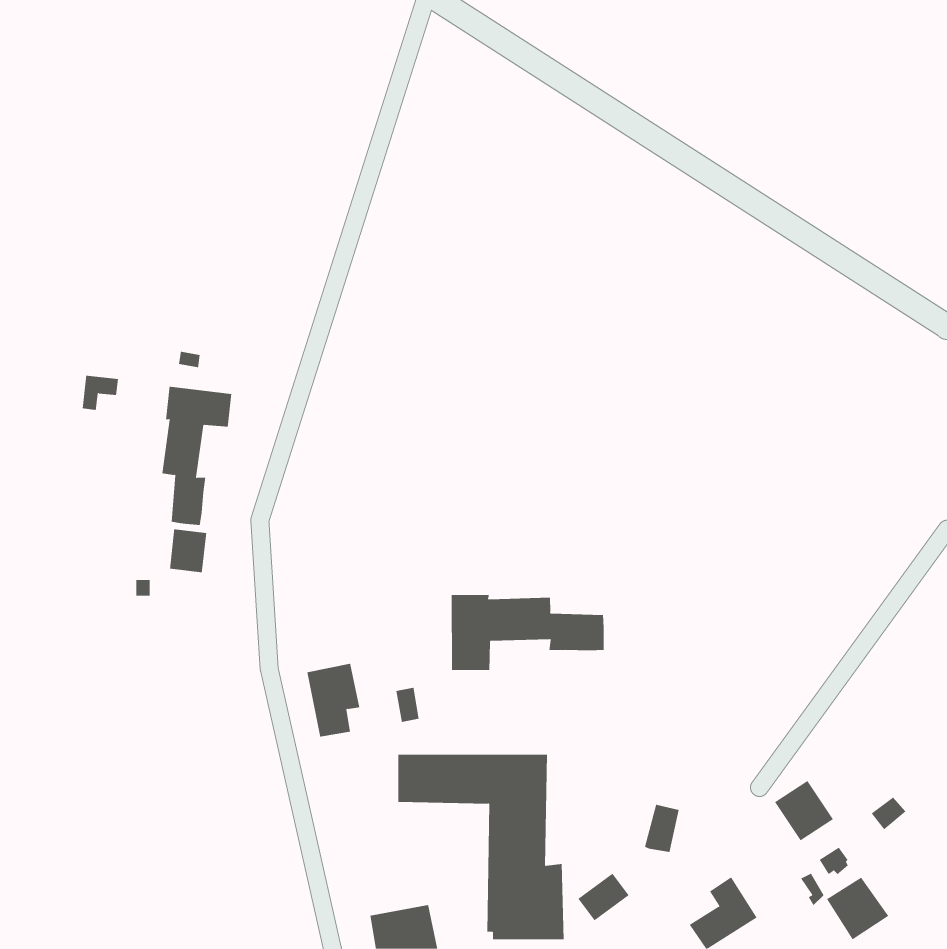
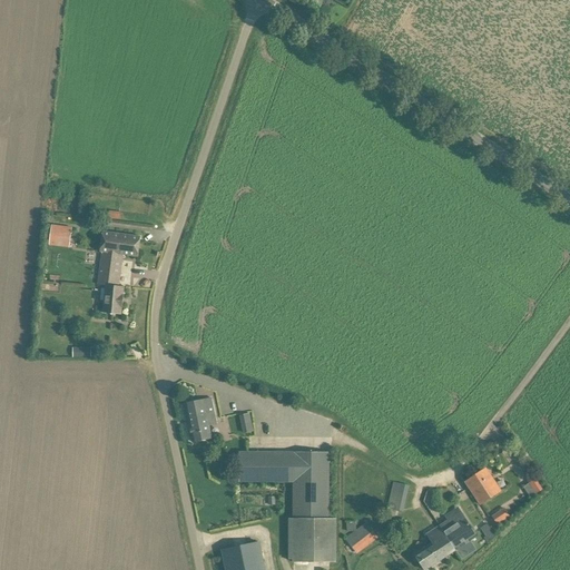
building: [169,529,207,573] -> none
building: [451,594,604,671] -> none
building: [826,877,889,940] -> [439,512,476,550]

